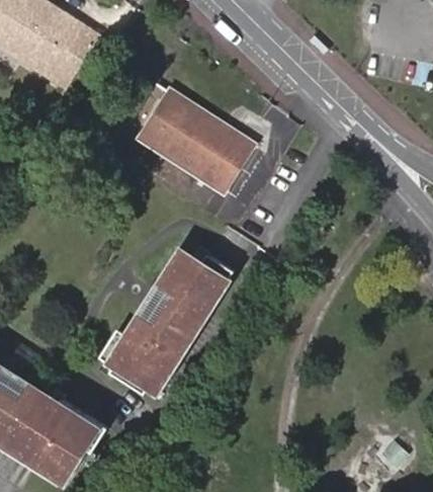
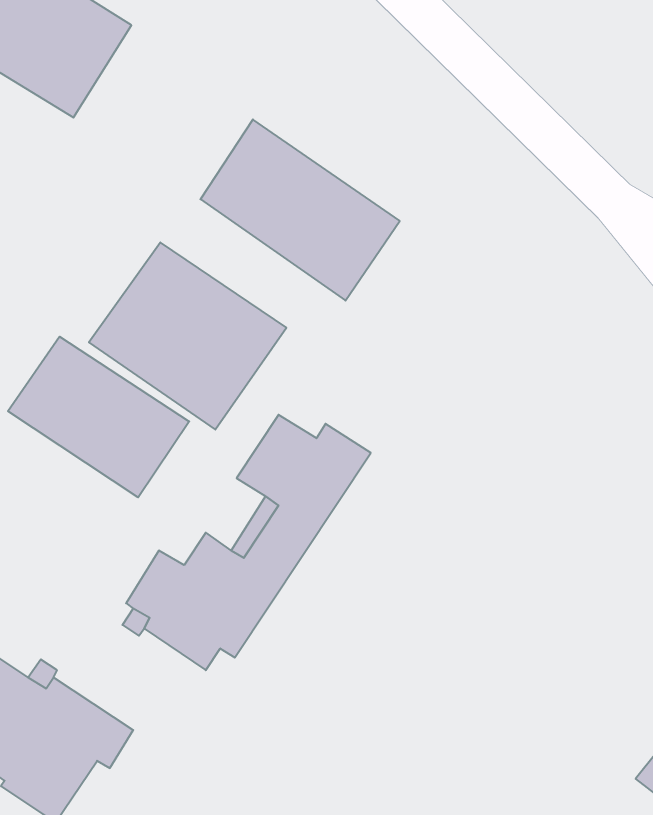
building: none -> [89,242,286,430]
building: none -> [8,337,189,497]

